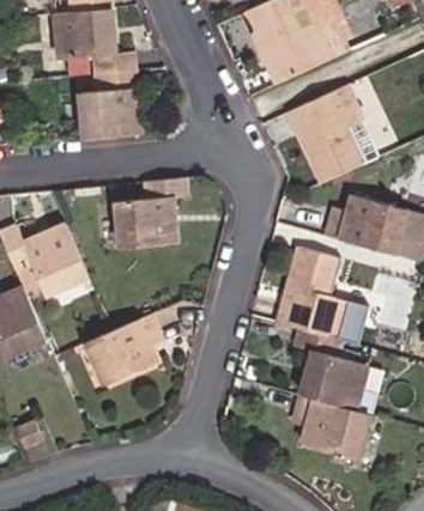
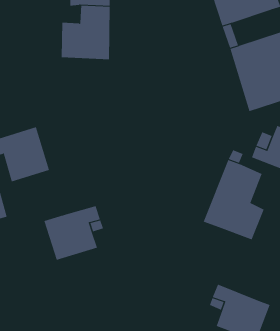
building: [105,178,182,244] -> none
building: [295,324,367,406] -> none

